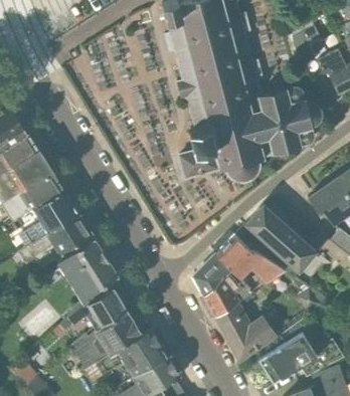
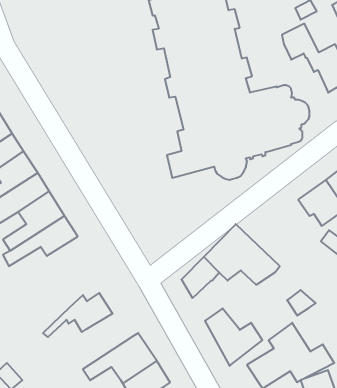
building: [246,205,315,270] -> none
building: [57,239,118,305] -> none
building: [204,278,251,318] -> none
building: [73,311,146,365] -> none

